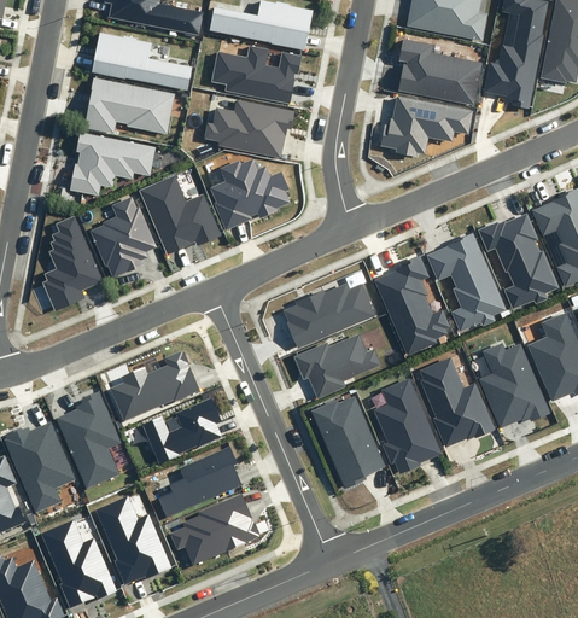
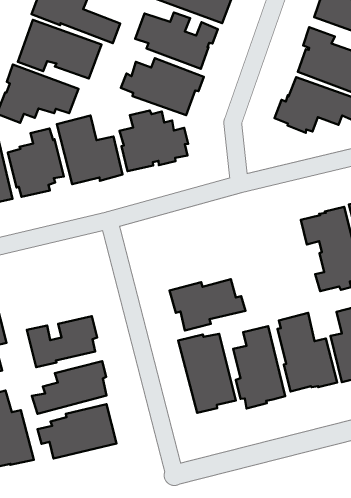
building: [375,256,450,355] -> none
building: [284,282,375,346] -> none
building: [111,349,199,419] -> none

